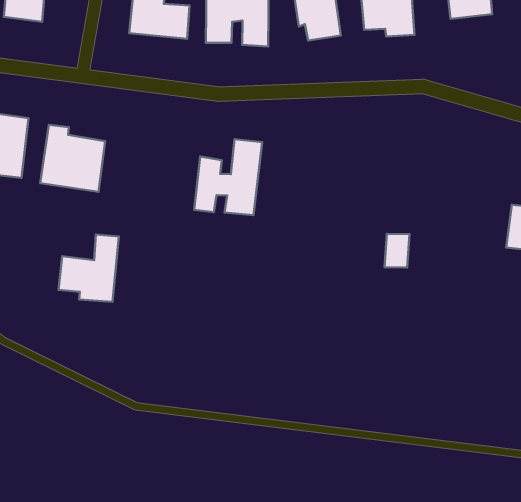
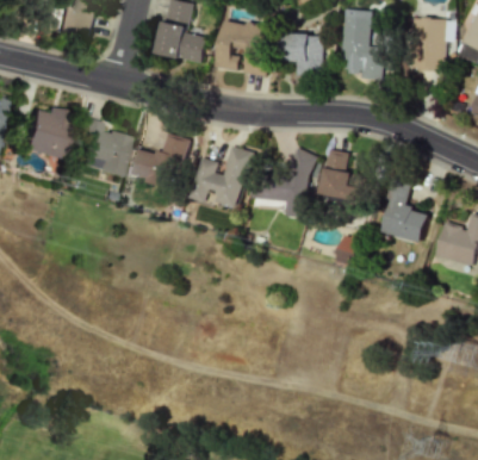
building: none -> [322,149,368,205]
building: none -> [255,148,317,217]
building: none -> [381,180,430,243]
building: [58,234,119,302] -> [132,133,185,188]

